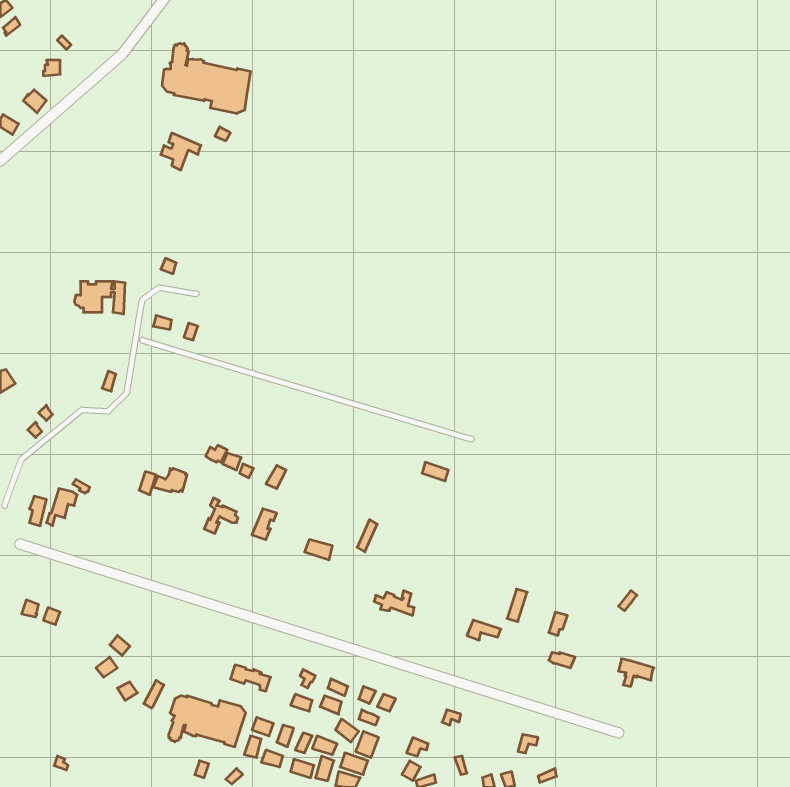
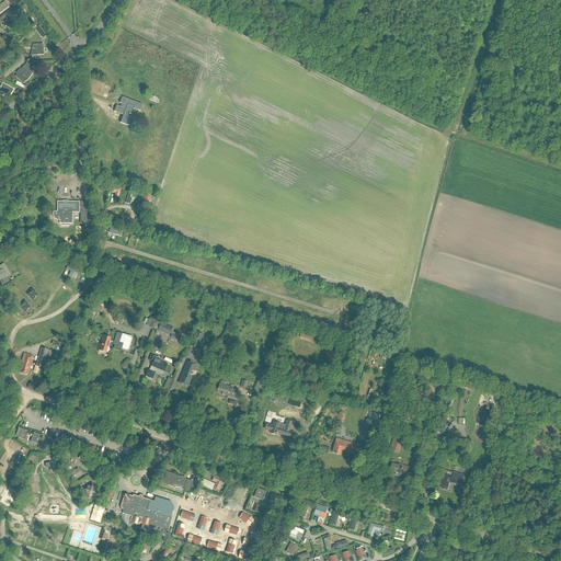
building: [162,43,250,114] -> none

